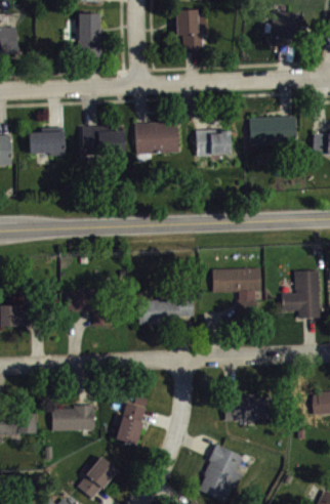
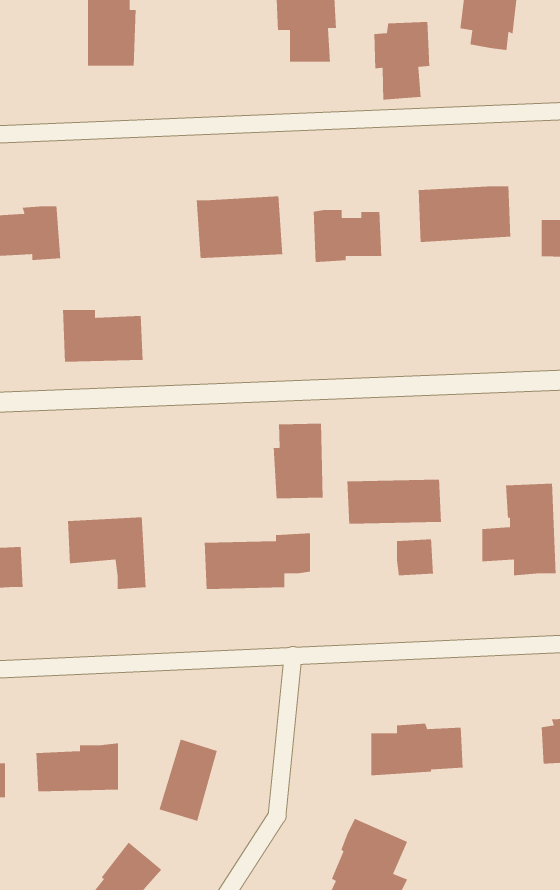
building: none -> [373,21,430,101]
building: [82,126,124,154] -> [62,309,144,363]
building: none -> [273,423,324,499]

